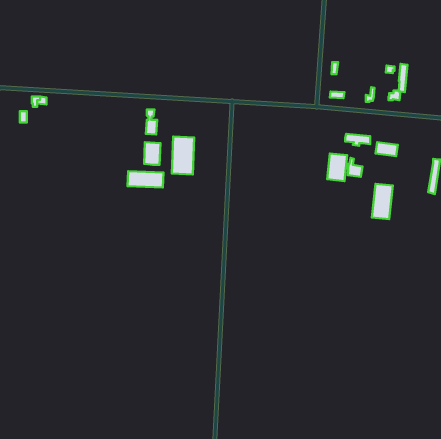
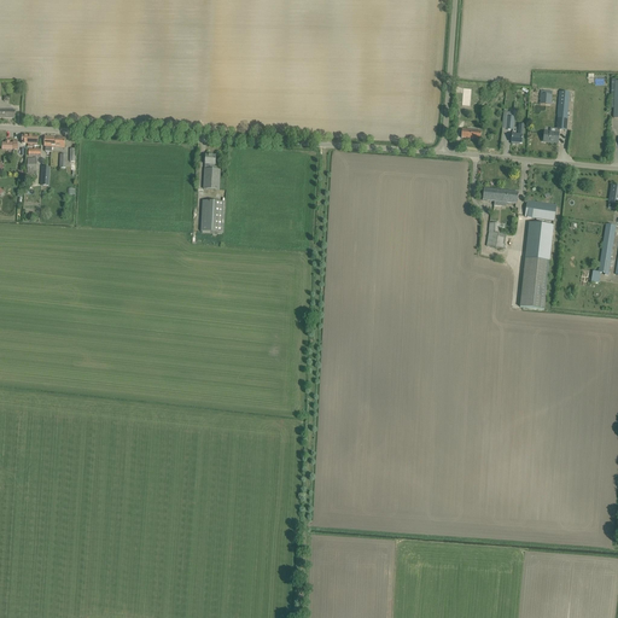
building: [172,136,194,175] -> none
building: [327,153,347,181] -> [525,221,553,260]
building: [128,171,164,187] -> none

